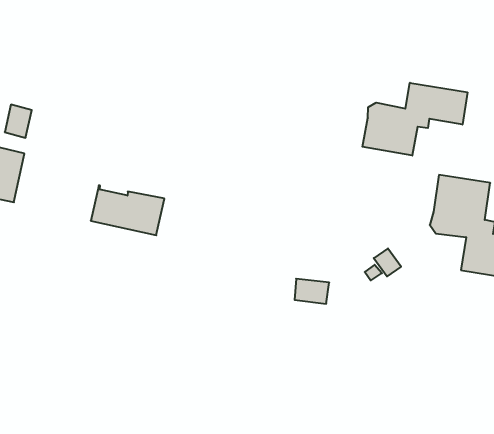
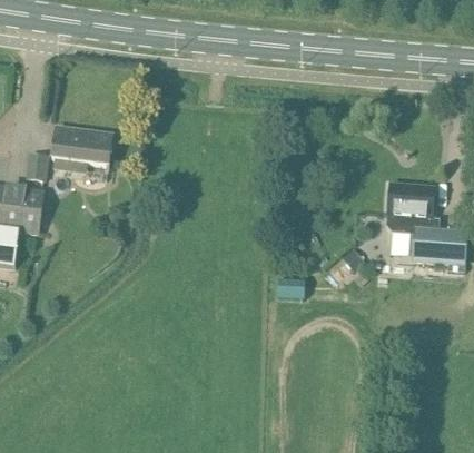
building: [362,83,467,156] -> none
building: [91,185,164,235] -> [51,126,111,164]

